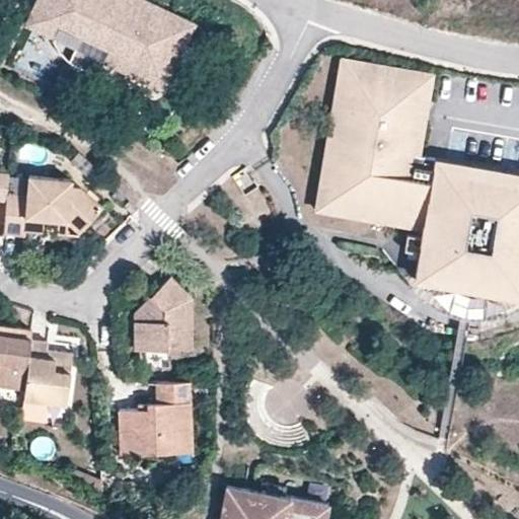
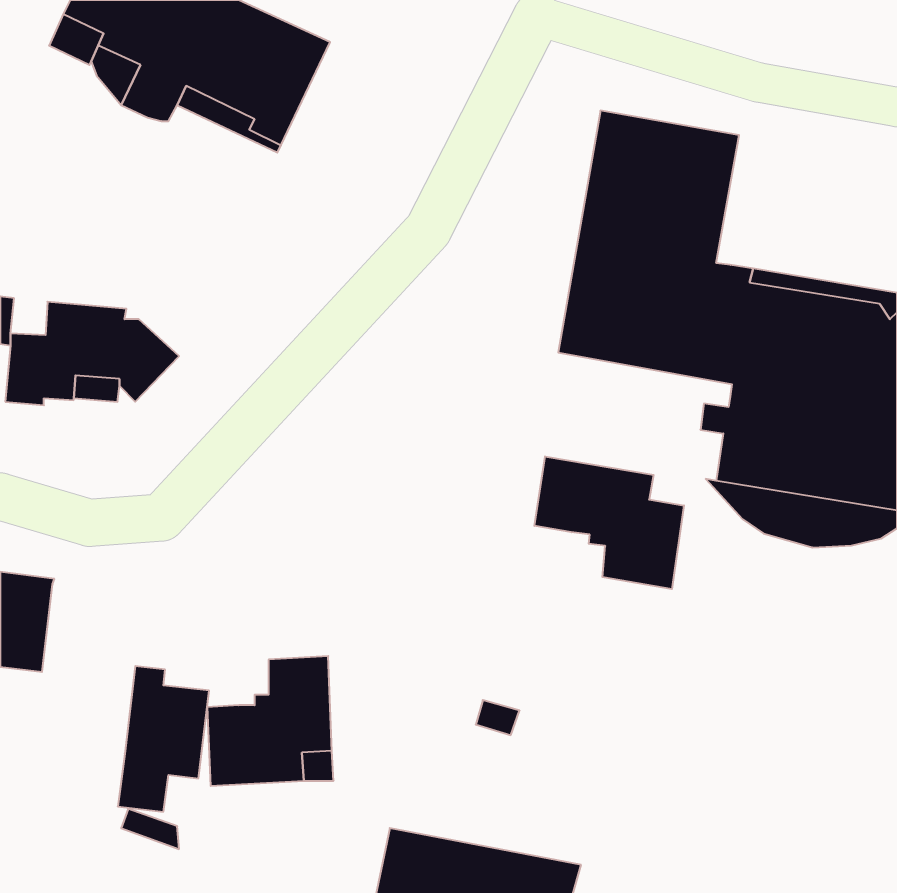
building: [313,57,436,231] -> none
building: none -> [534,456,684,589]
building: [134,276,193,350] -> none
building: [20,340,73,424] -> [118,666,209,812]

